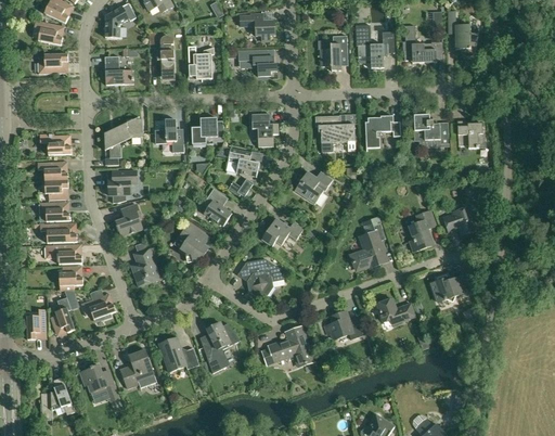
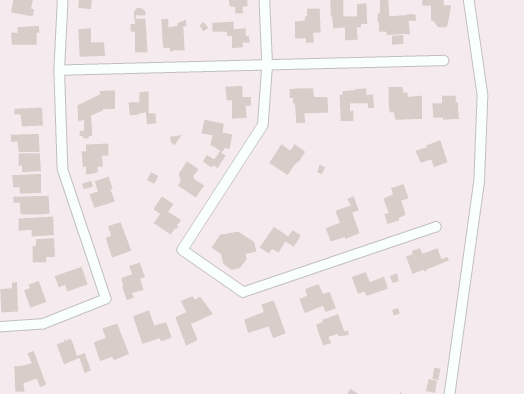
building: [192,117,224,144] -> none
building: [443,206,477,234] -> [415,140,448,168]
building: [261,217,305,245] -> [258,226,302,254]
building: none -> [121,262,146,301]
building: none -> [315,313,350,346]

